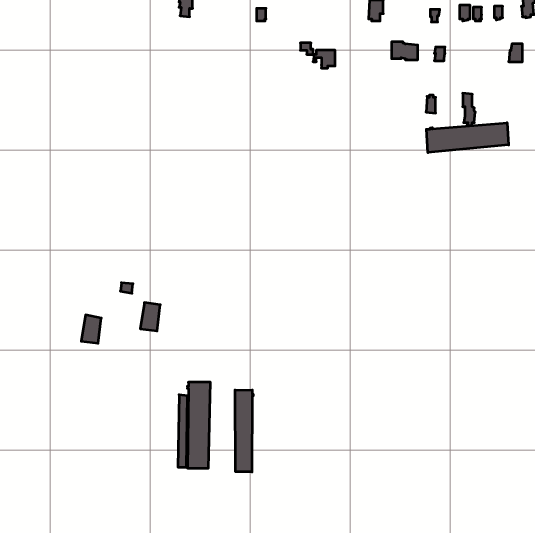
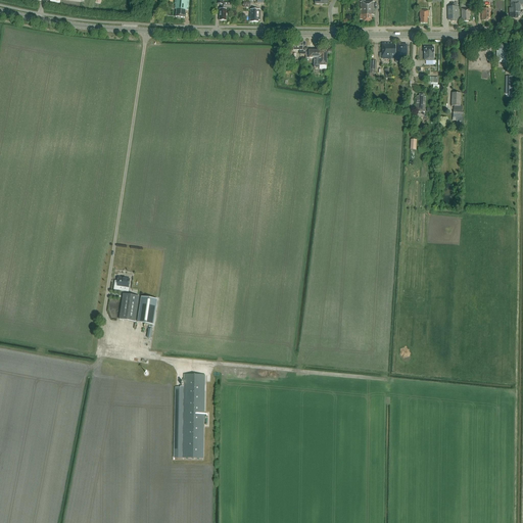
building: [426,123,509,153] -> none
building: [81,315,101,343] -> [118,292,138,320]
building: [235,390,253,472] -> none

